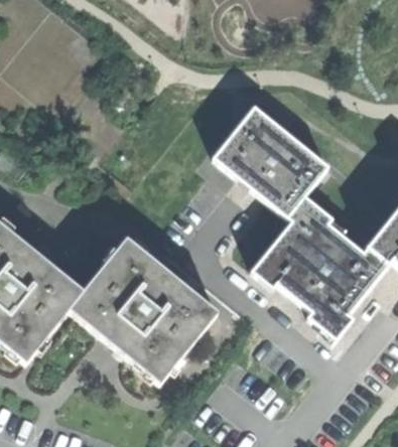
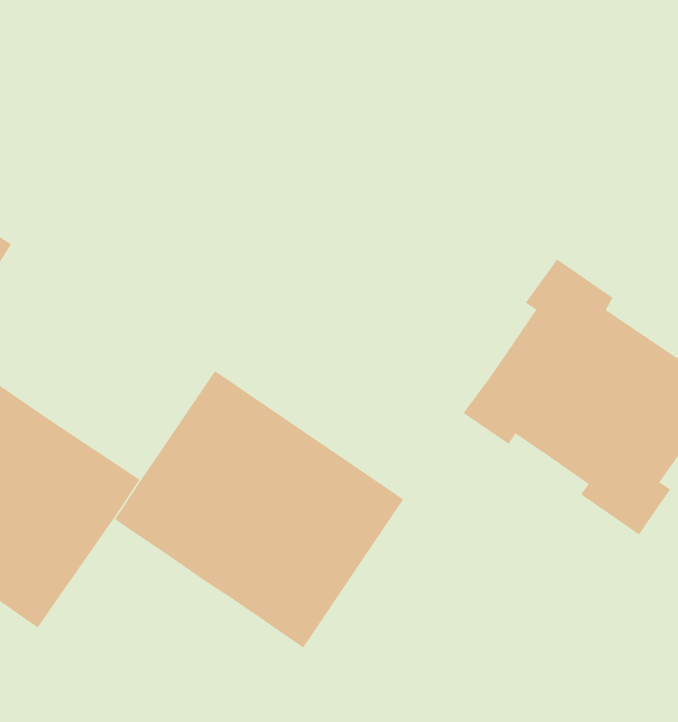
building: [213,105,327,215] -> none

